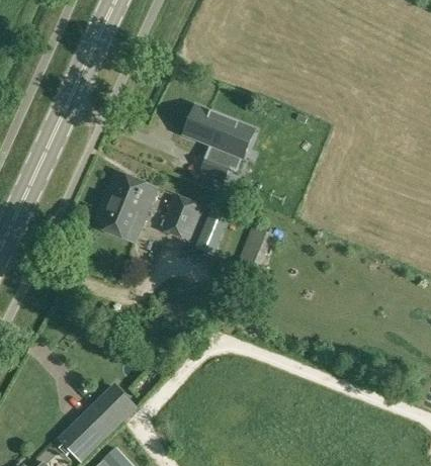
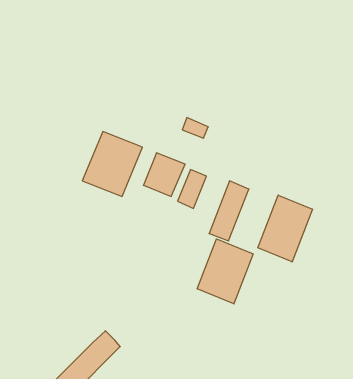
building: [184,106,254,160] -> none
building: none -> [258,195,312,262]
building: none -> [197,239,253,304]

